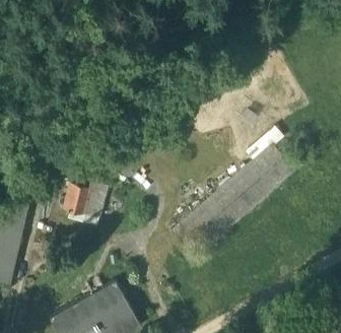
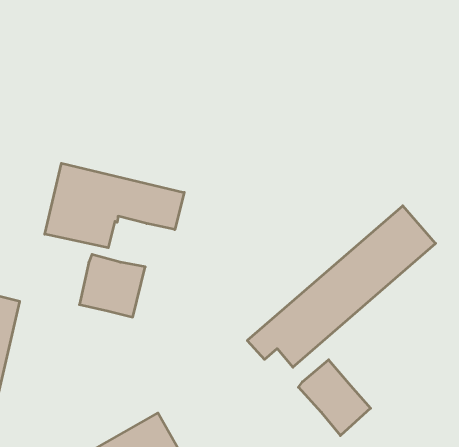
building: none -> [45,163,184,248]
building: none -> [298,360,371,436]

